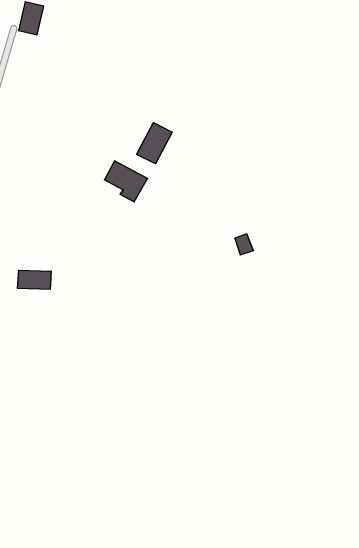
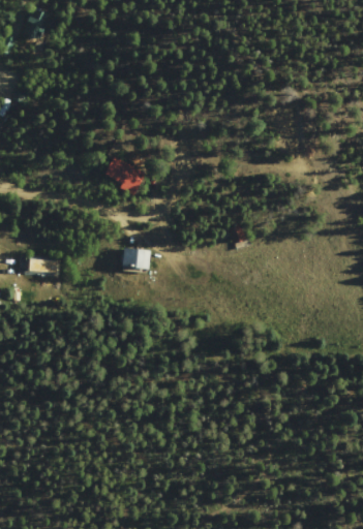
building: [137,123,172,164] -> none
building: none -> [124,248,151,269]

